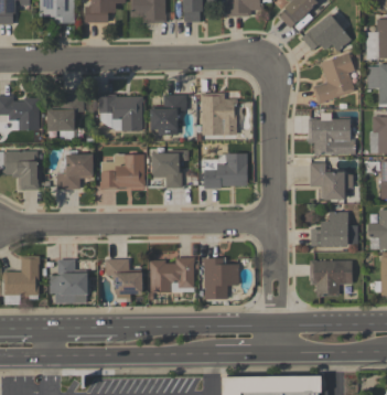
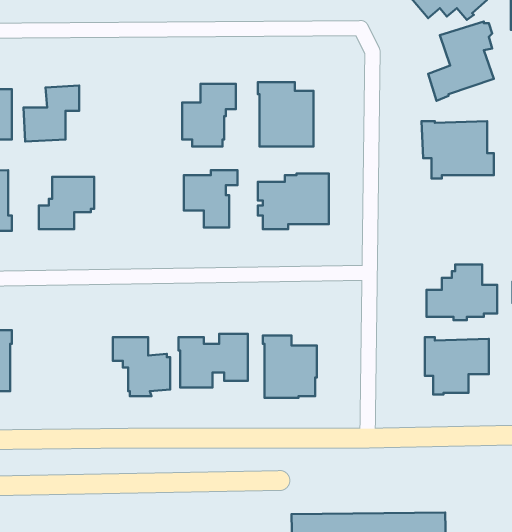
building: [99,94,143,130] -> none
building: [100,153,146,190] -> none
building: [310,162,353,200] -> none
building: [50,259,88,302] -> none

